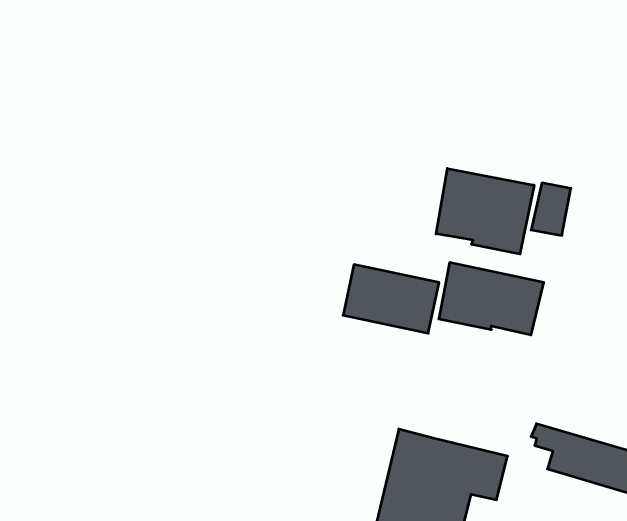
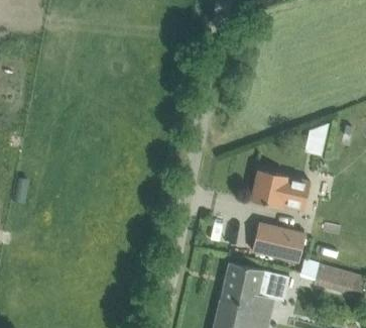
building: [436,168,534,254] -> none
building: [343,265,439,333] -> [252,223,306,261]

